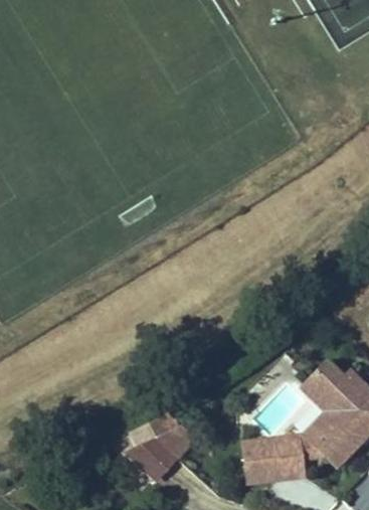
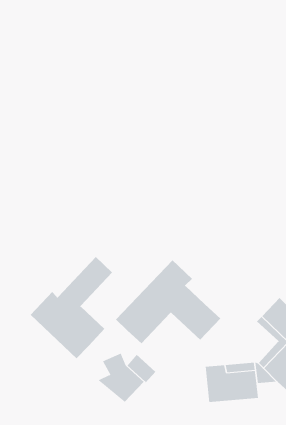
building: none -> [30,256,113,359]
building: none -> [115,260,221,344]

